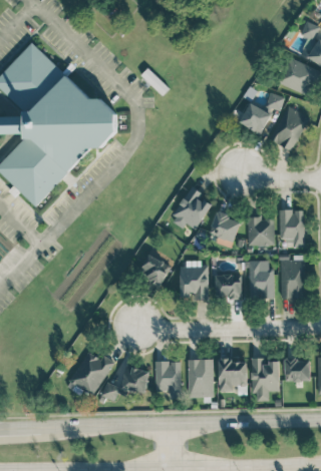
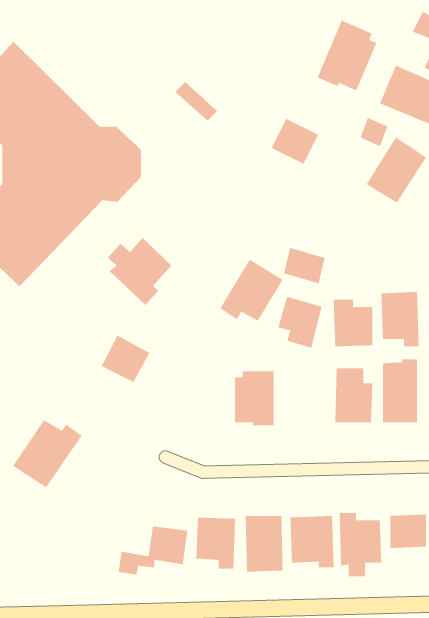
building: none -> [317,20,377,91]
building: [239,103,271,134] -> [271,118,319,164]
building: none -> [107,237,172,306]
building: none -> [284,247,325,284]
building: [138,255,172,287] -> [101,335,150,383]
building: [215,275,242,298] -> none
building: [67,352,114,398] -> [12,419,82,488]

